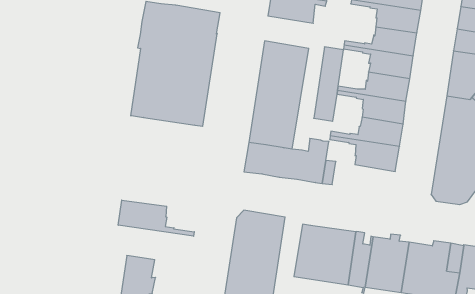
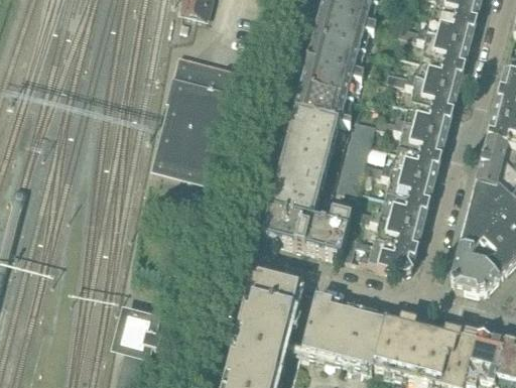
building: none -> [296,78,352,117]
building: none -> [360,238,416,270]
building: [118,200,194,236] -> none

